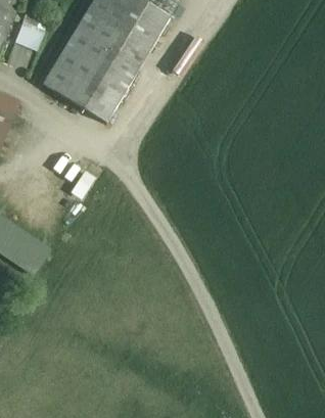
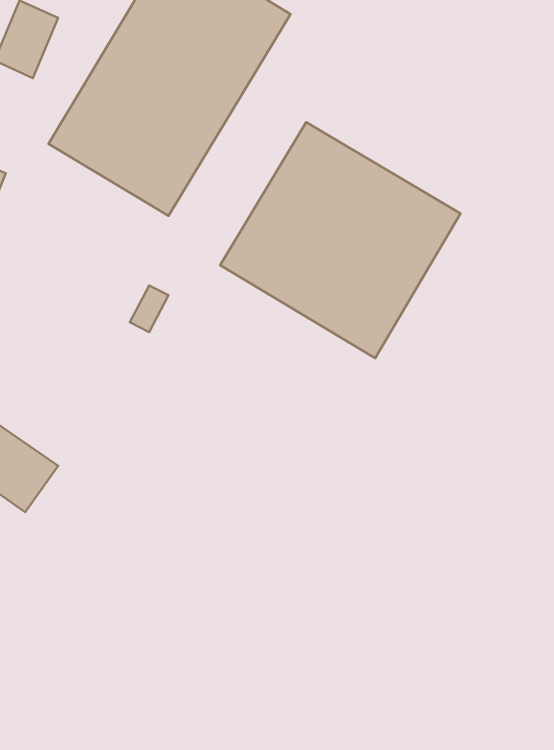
building: none -> [220,122,461,358]

